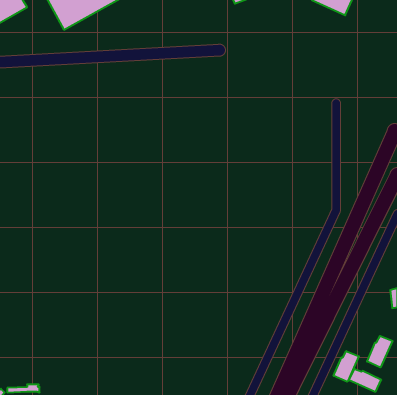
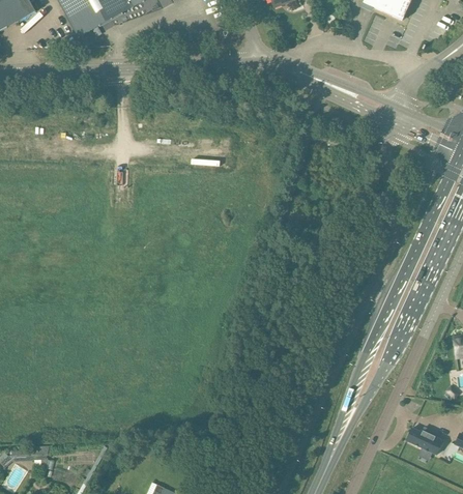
building: [367,336,393,367] -> none
building: [334,351,359,382] -> none

